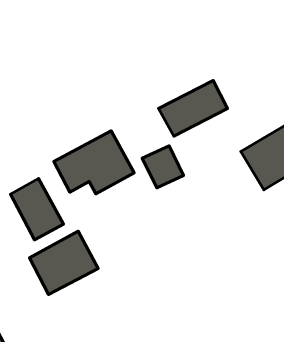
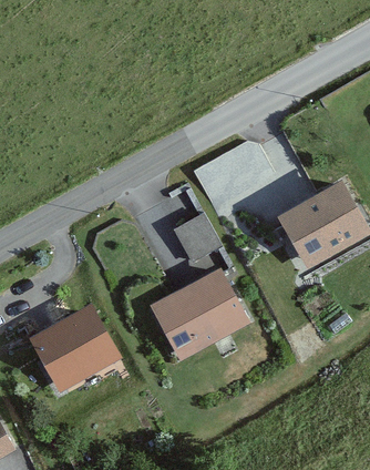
building: [54,131,134,194] -> [152,273,245,346]
building: [10,179,64,240] -> none

